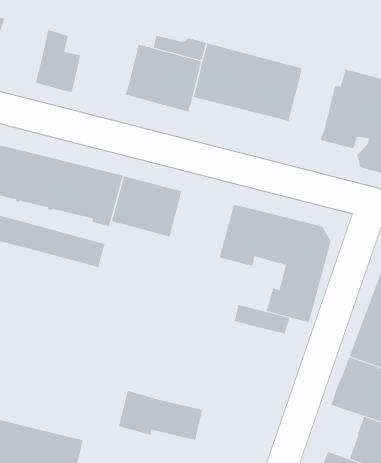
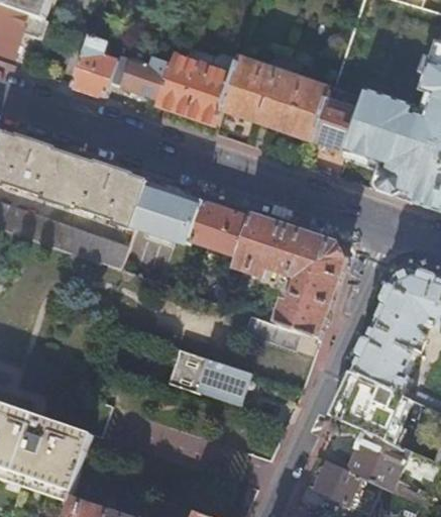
building: none -> [109,57,170,99]
building: none -> [312,90,361,151]
building: none -> [190,200,252,270]
building: [118,390,203,441] -> [166,347,248,401]

